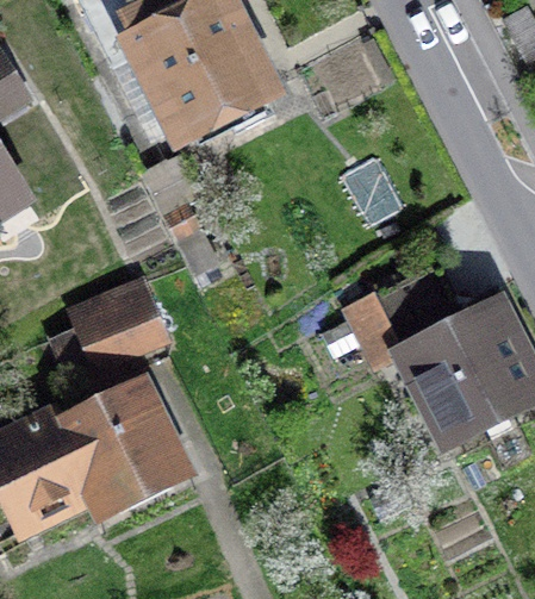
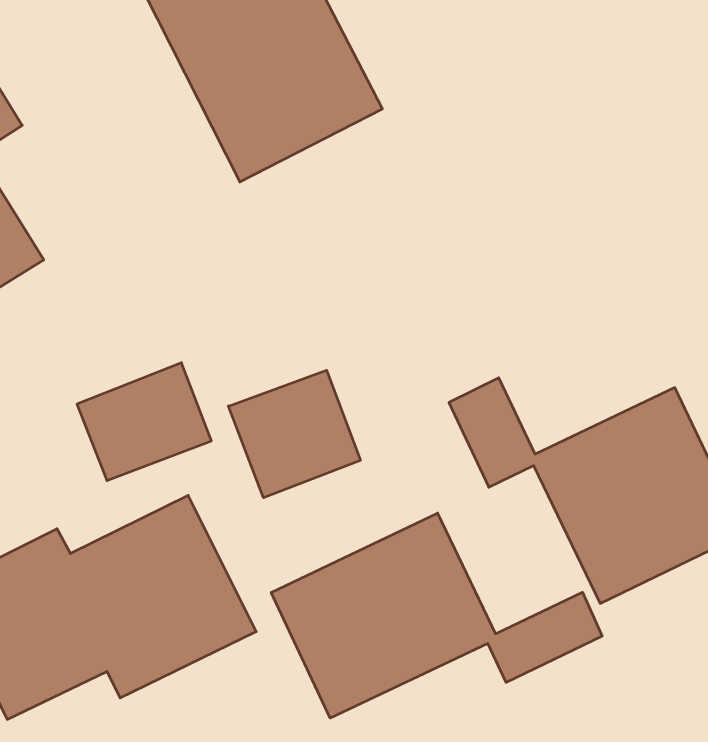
building: none -> [228,370,360,498]
building: none -> [271,513,602,718]

